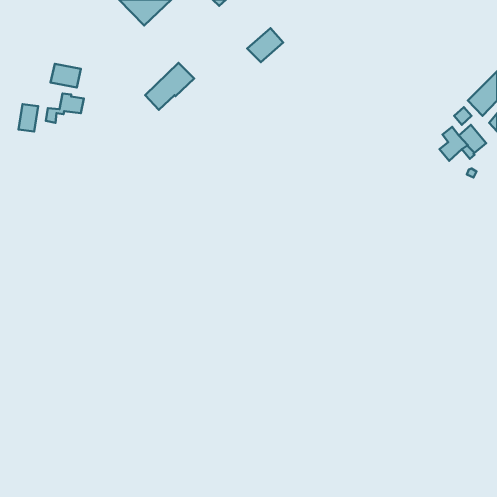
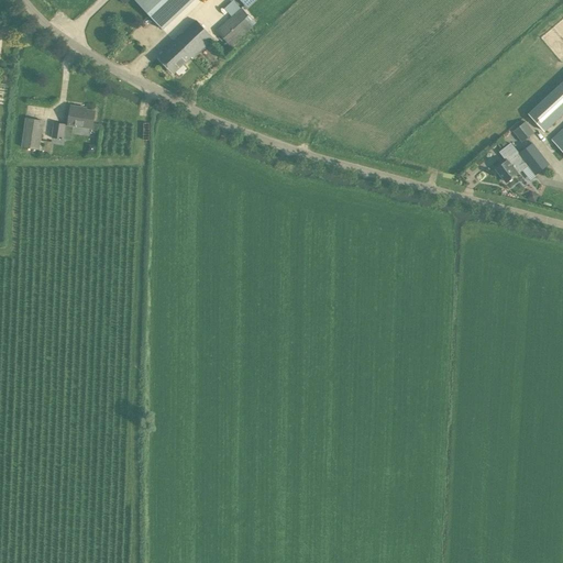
building: [247,28,283,62] -> [214,7,255,45]
building: [145,63,194,110] -> [158,20,213,73]
building: [51,64,81,88] -> none

